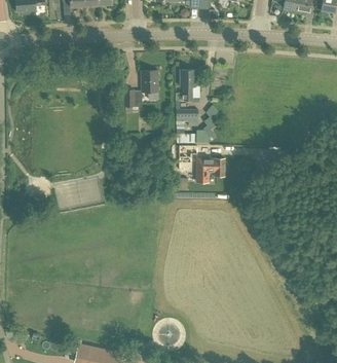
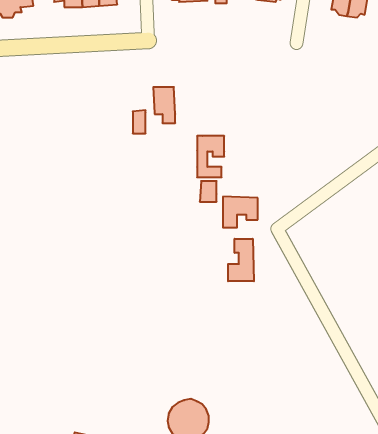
building: [180,70,195,100] -> none
building: none -> [228,239,254,281]

